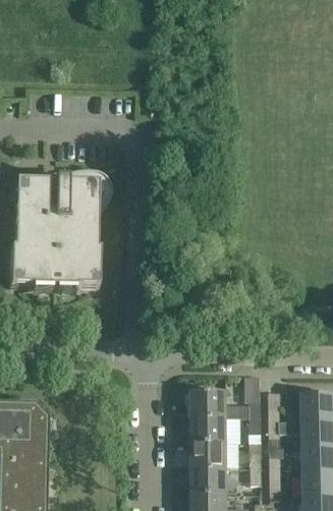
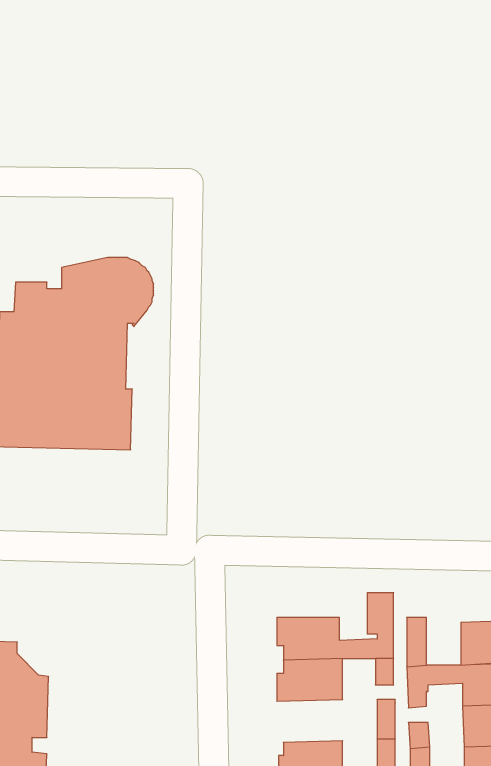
building: [188,442,239,468] -> none

